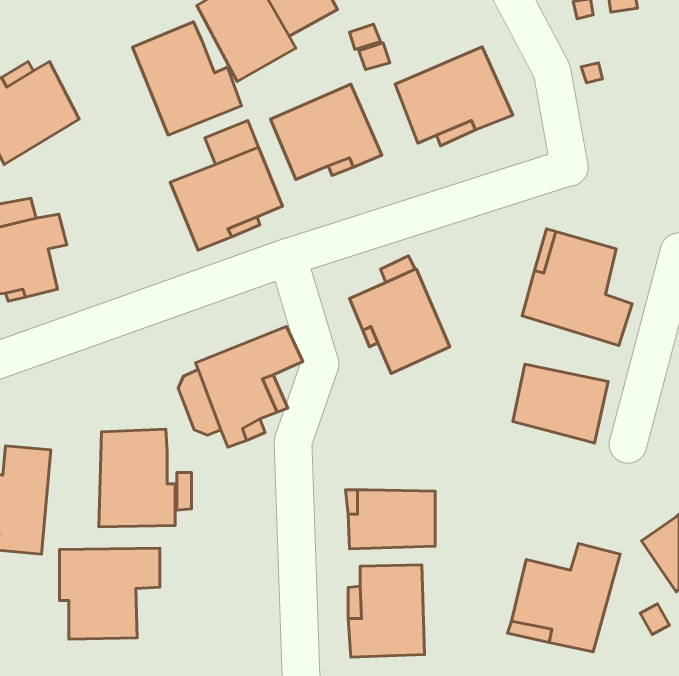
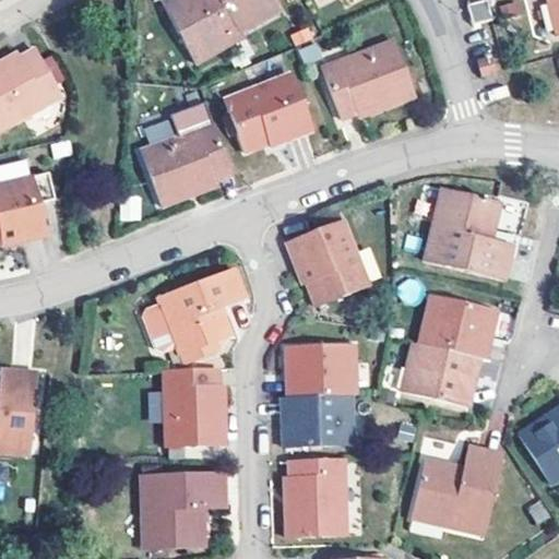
building: [132,22,242,135] -> none
building: none -> [402,343,477,406]
building: none -> [292,348,365,401]
building: [99,429,175,527] -> [166,367,228,447]
building: [60,548,160,639] -> [146,473,228,547]

